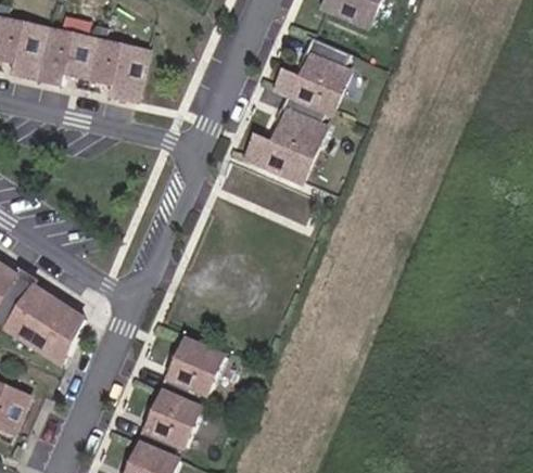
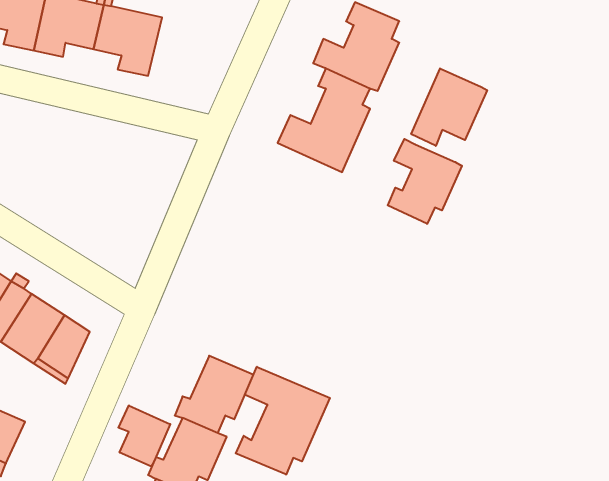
building: none -> [411,68,487,146]
building: none -> [388,139,462,224]
building: none -> [236,367,330,475]
building: none -> [118,405,170,467]

